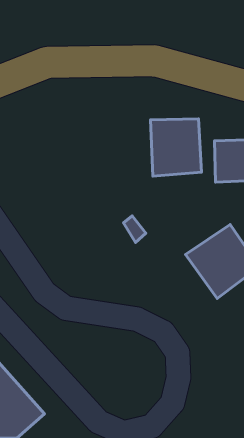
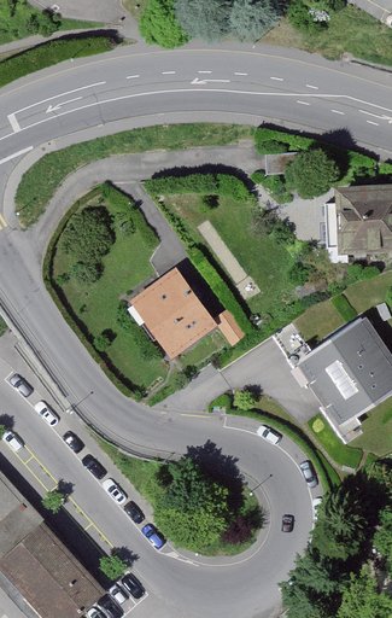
building: [150,119,202,176] -> none
building: none -> [130,279,207,358]

